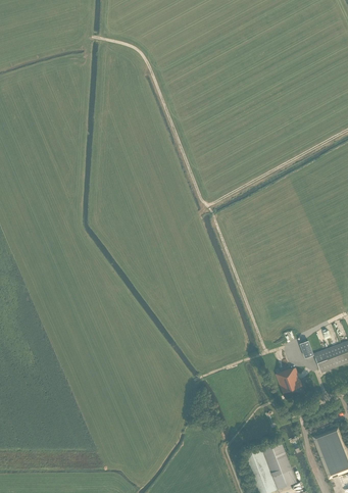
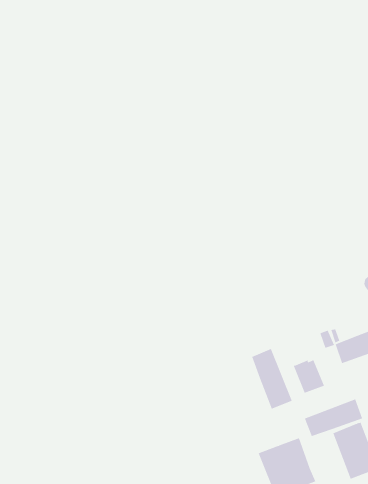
building: none -> [252,348,293,410]
building: none -> [304,399,363,437]

